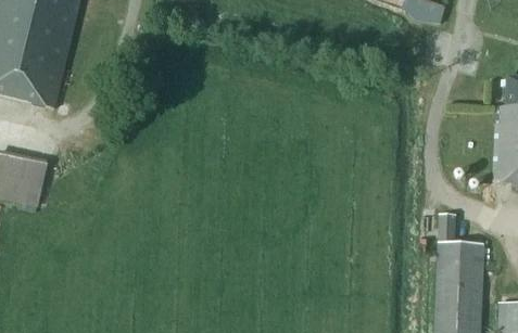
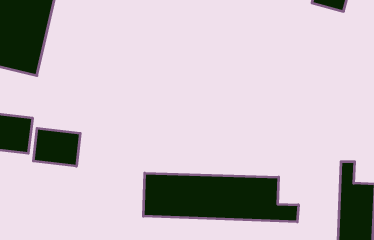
building: none -> [33,128,80,166]
building: none -> [143,173,298,222]

